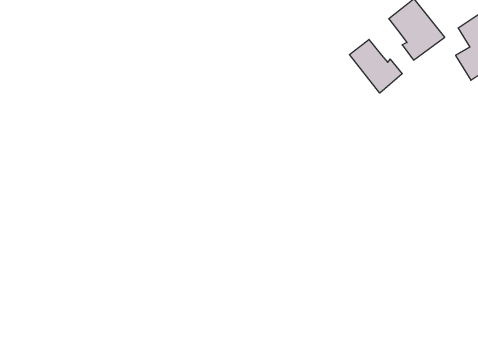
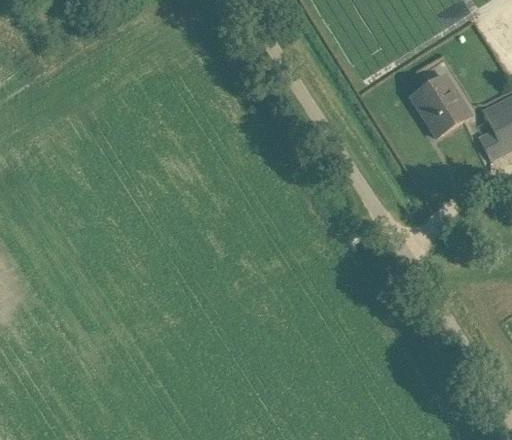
building: [349,39,402,93] -> none

